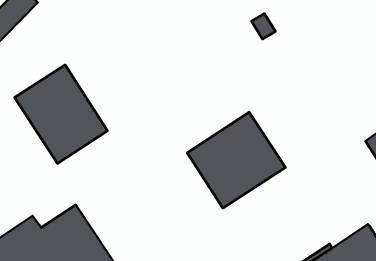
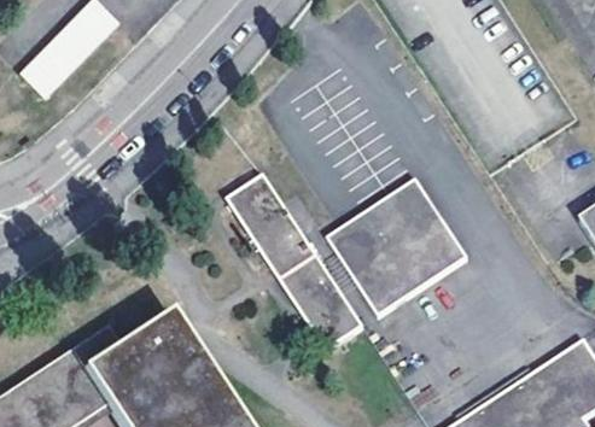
building: [14,65,108,164] -> none
building: none -> [227,175,362,351]

